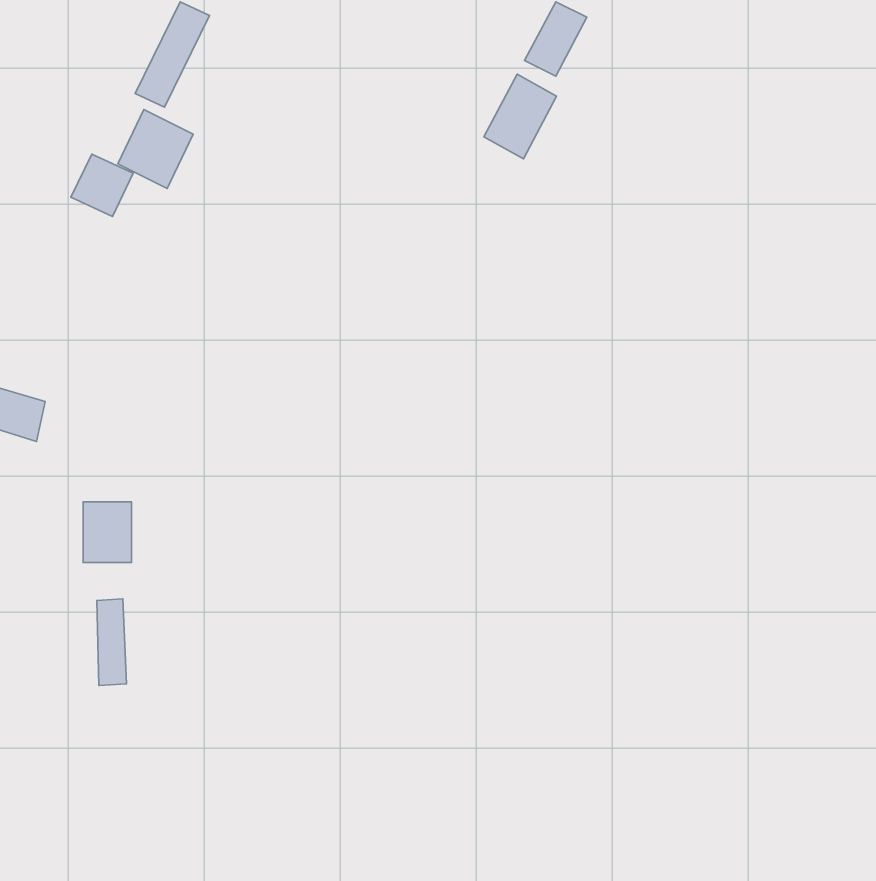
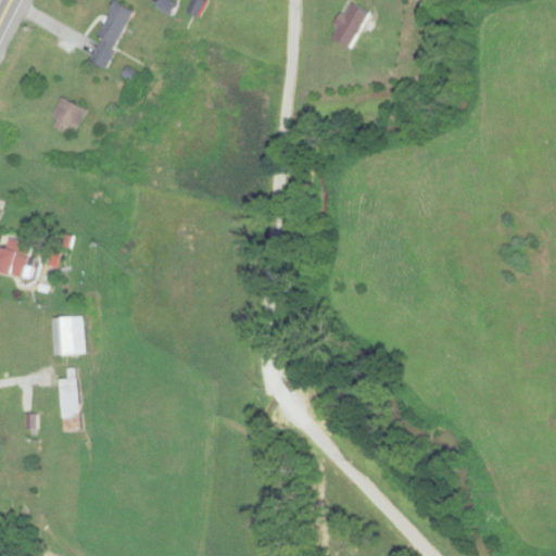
building: [484,74,557,159] -> none
building: [118,109,193,188] -> none

